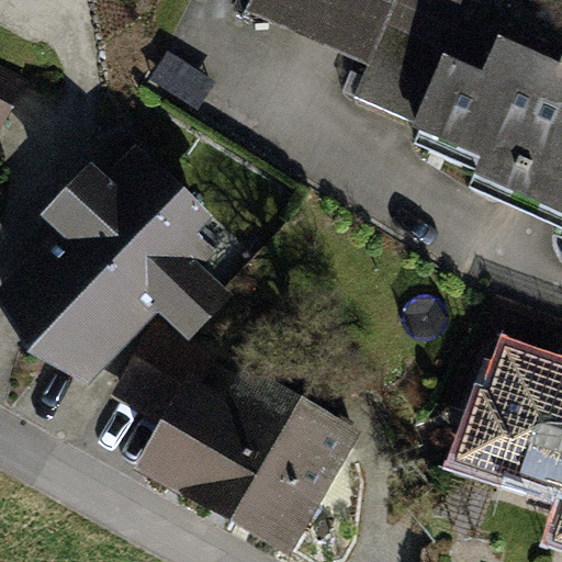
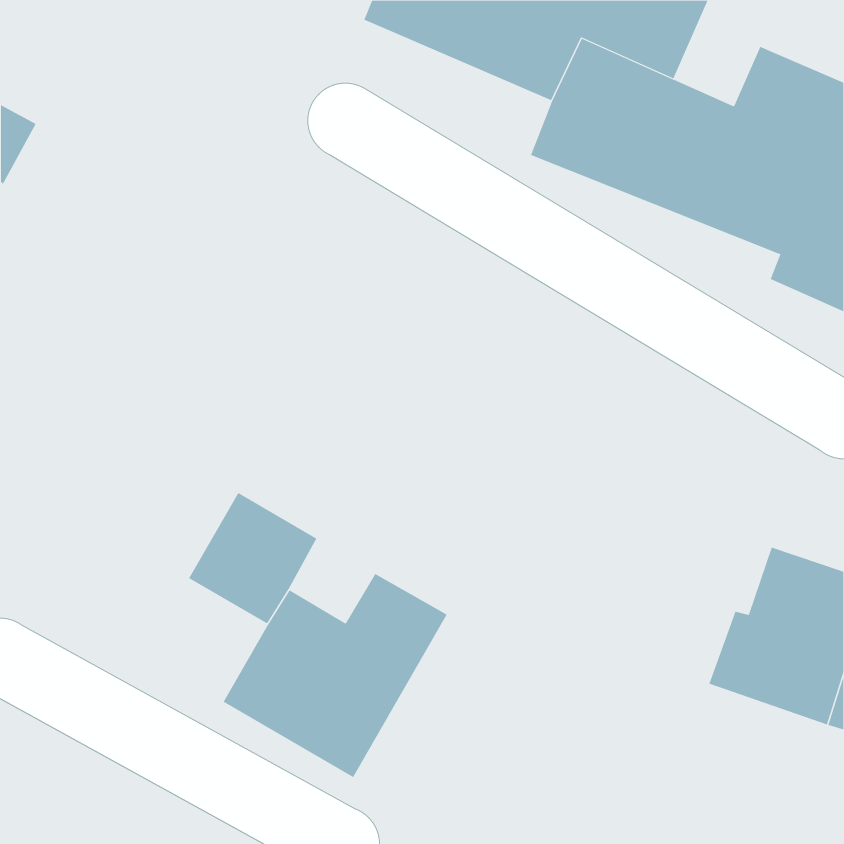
building: [19,165,221,361] -> none
building: [235,408,346,546] -> none

